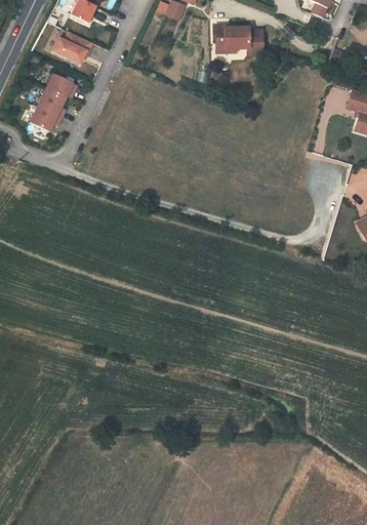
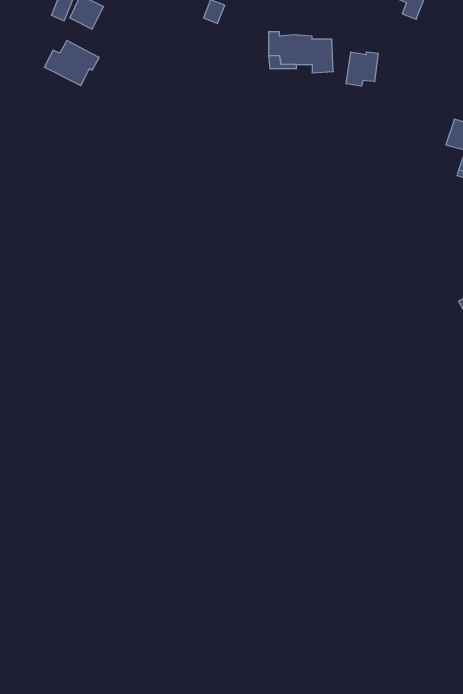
building: none -> [346,52,378,86]
building: [32,74,79,131] -> none

